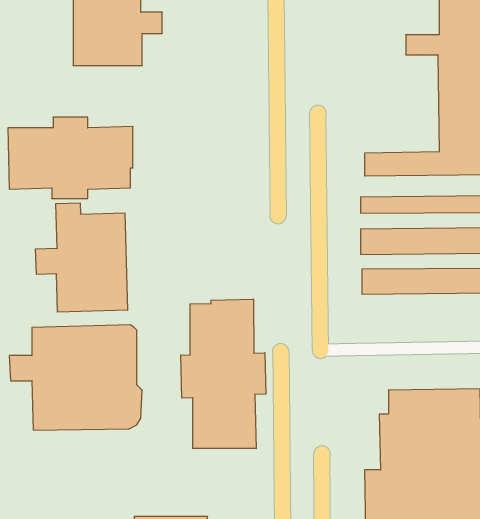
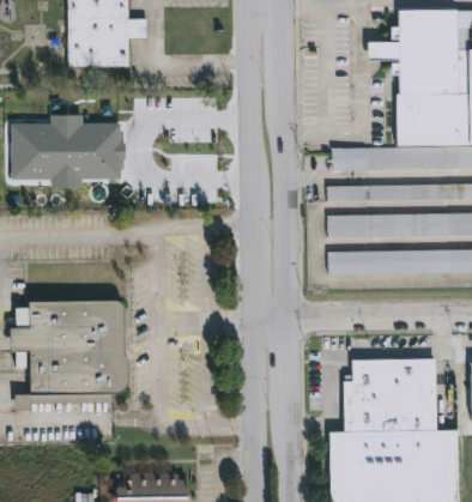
building: [36,203,128,312] -> none
building: [181,299,266,449] -> none

